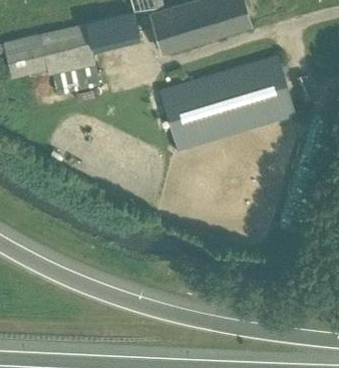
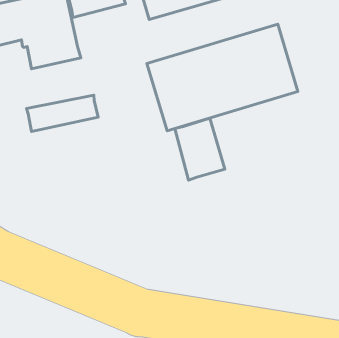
building: none -> [27,95,98,131]
building: none -> [175,118,225,180]

